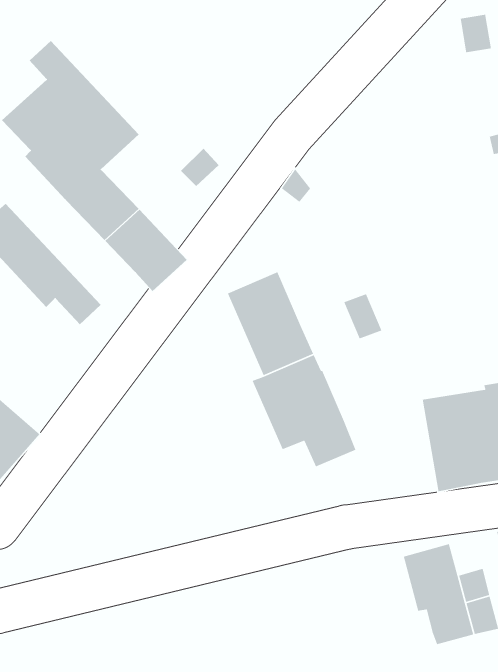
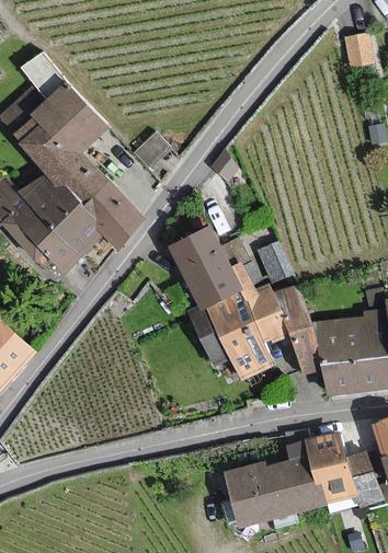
building: none -> [22,175,103,254]
building: none -> [228,265,324,372]
building: none -> [226,443,327,525]

